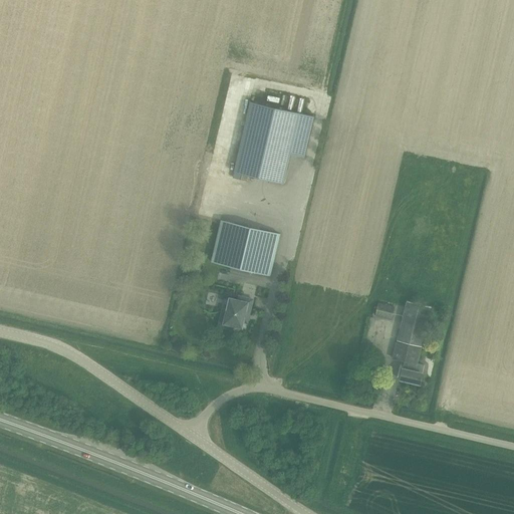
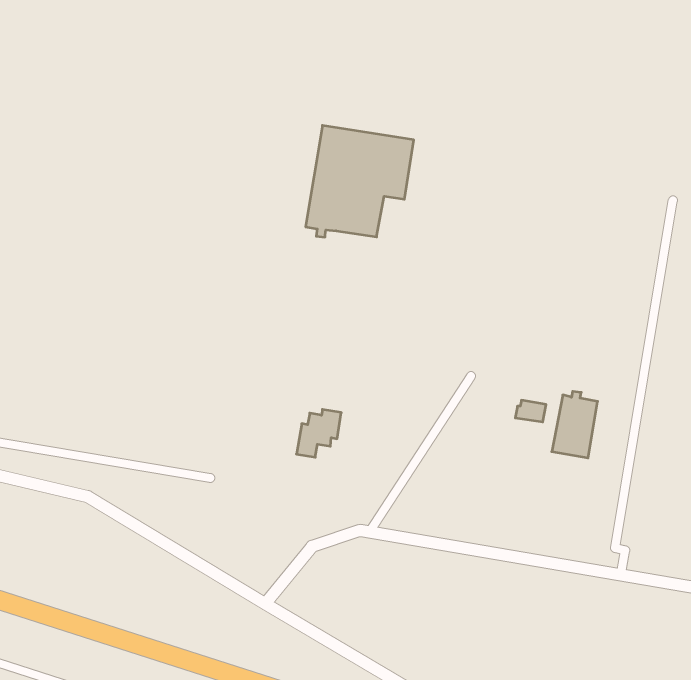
building: [210,221,279,276] -> none
building: [392,342,423,384] -> none

